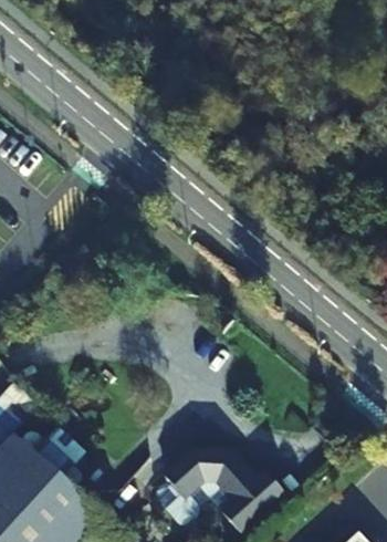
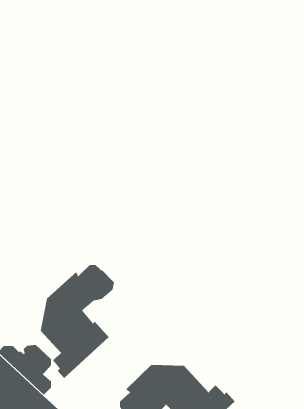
building: none -> [40,264,115,379]

